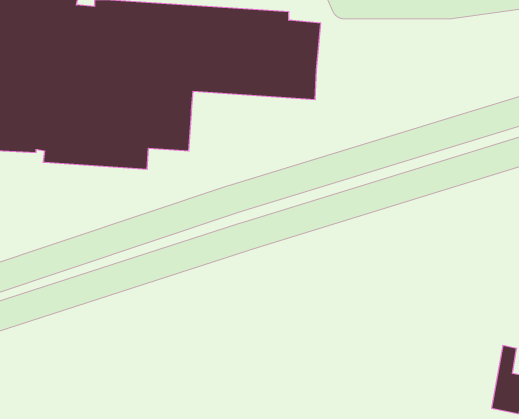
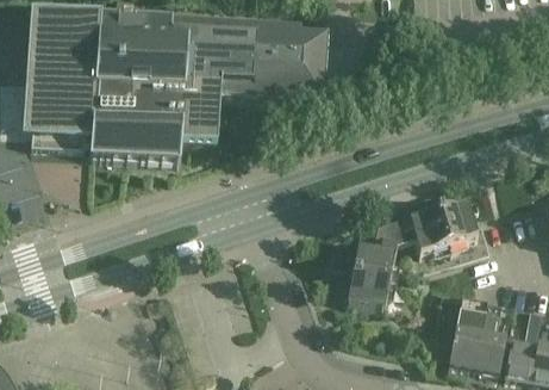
building: none -> [347,194,479,310]
building: none -> [450,307,485,365]

